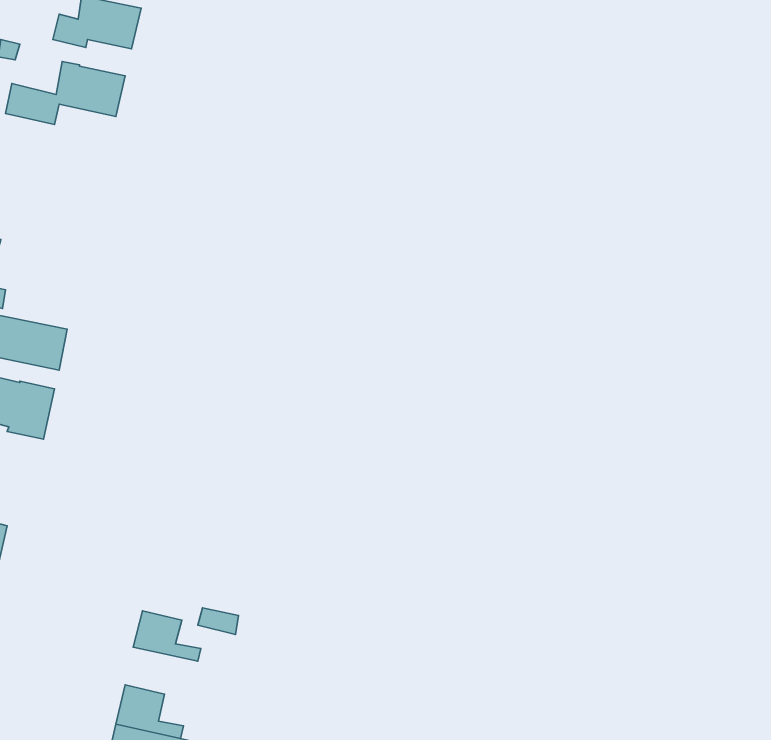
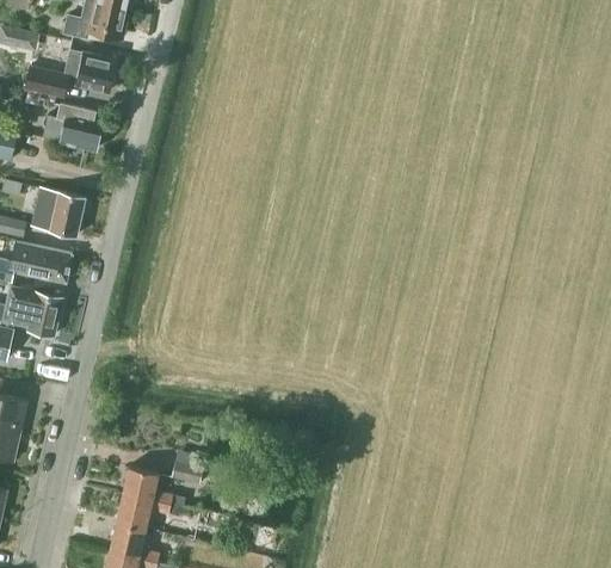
building: none -> [42,104,100,150]
building: none -> [31,189,85,236]
building: none -> [116,494,171,530]

